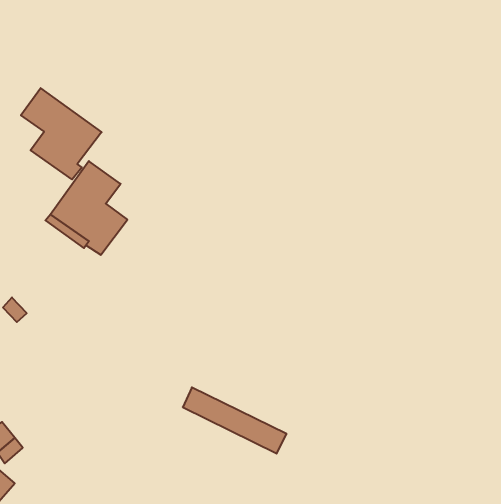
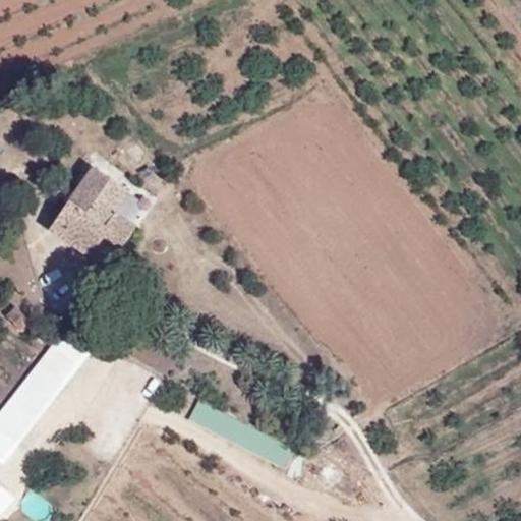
building: [21,88,102,179] -> none

